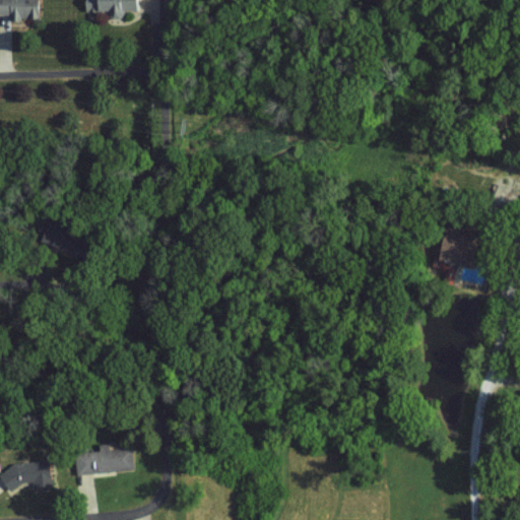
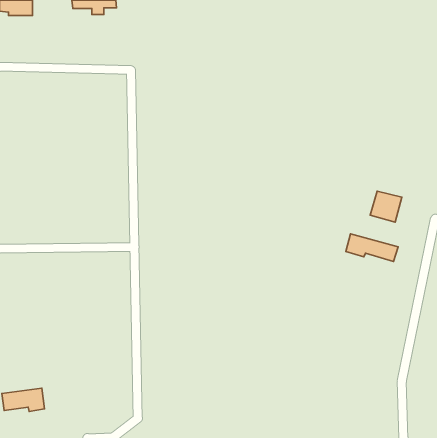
building: none -> [346,234,398,261]
building: [74,447,133,475] -> none

